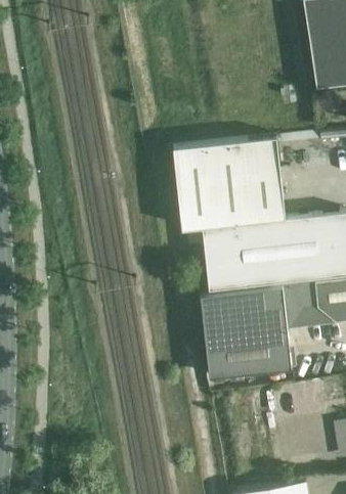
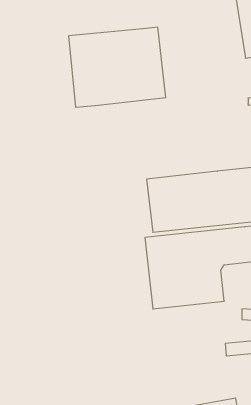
building: [172,138,285,231] -> [69,27,166,107]

